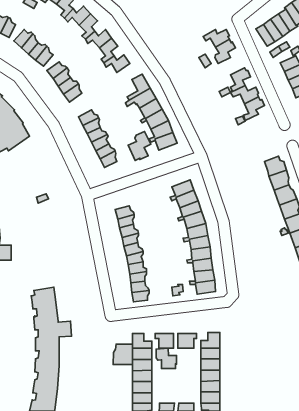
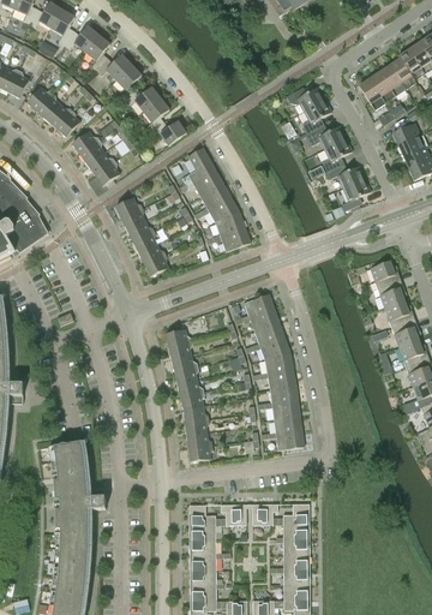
building: none -> [305,125,343,149]
building: [128,131,151,161] -> none
building: [113,344,133,365] -> none
building: [156,348,176,369] -> none

